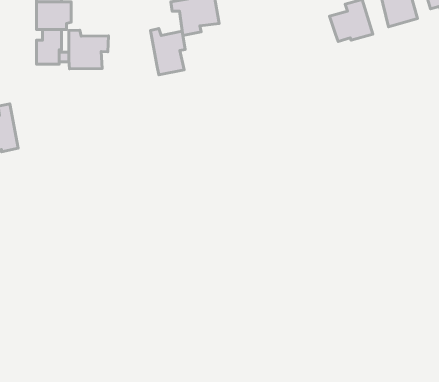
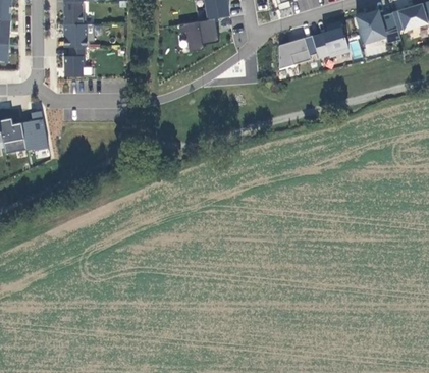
building: none -> [278,36,317,70]
building: [151,28,185,75] -> none
building: [69,30,108,69] -> none

